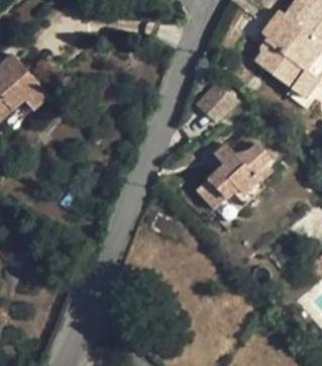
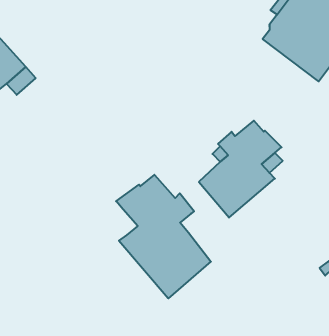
building: [196,82,237,124] -> none
building: none -> [116,175,211,298]

